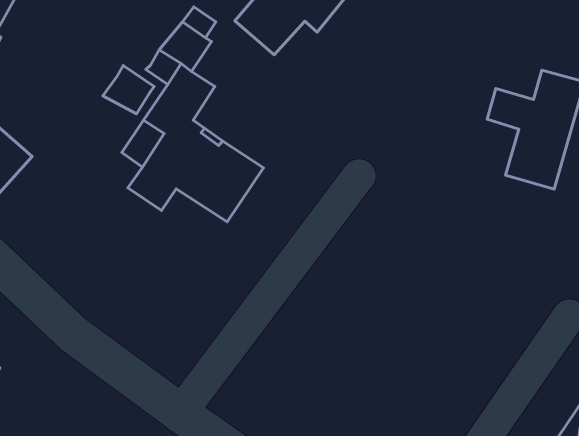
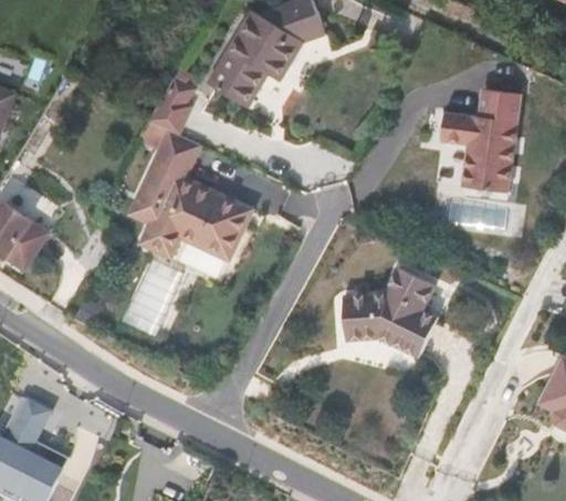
building: [103,66,154,114] -> none
building: none -> [345,268,441,357]

